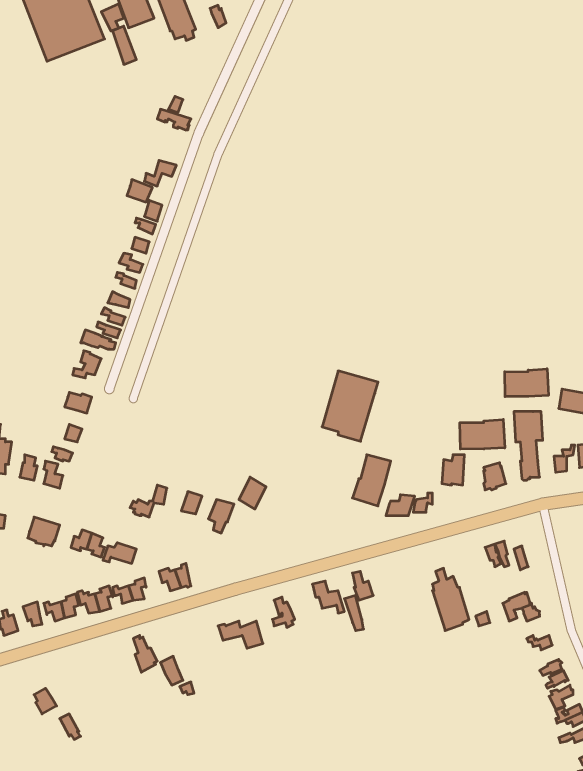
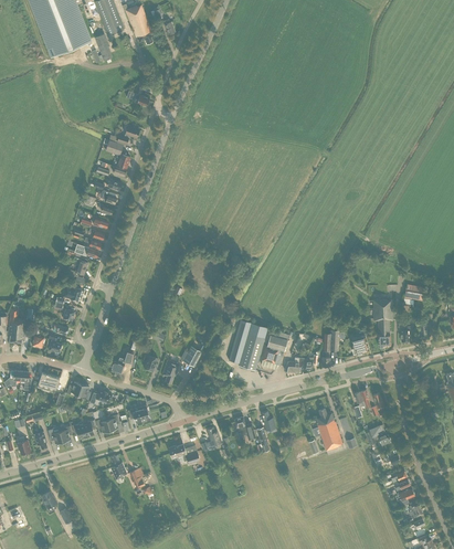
building: [505,369,548,397] -> none
building: [322,371,378,441] -> [228,320,266,369]
building: [460,419,505,449] -> none

